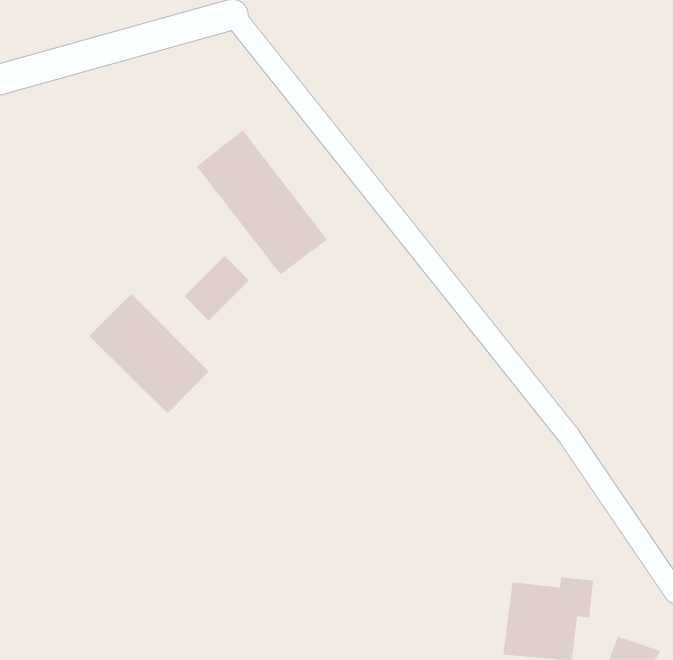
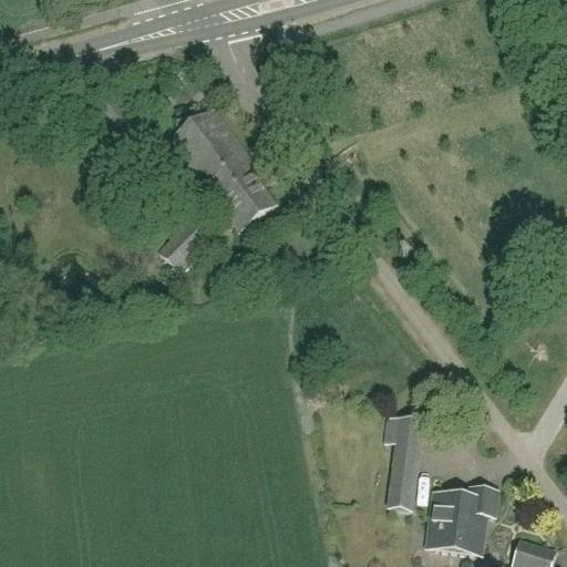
building: [88,293,209,414] -> none
building: none -> [385,414,425,508]

